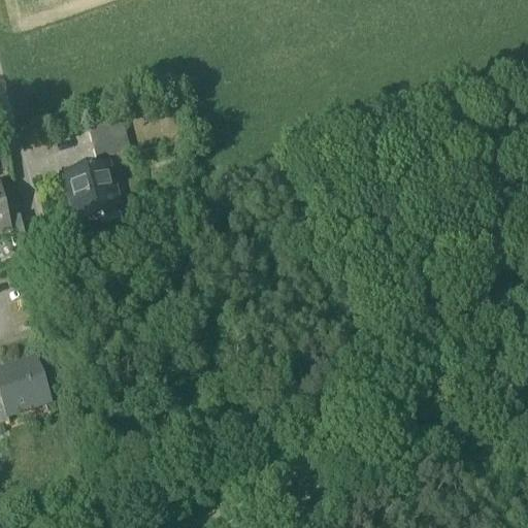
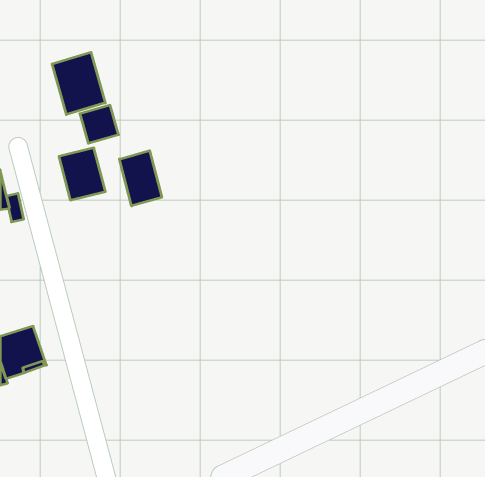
building: none -> [52,52,105,115]
building: none -> [119,151,162,206]

